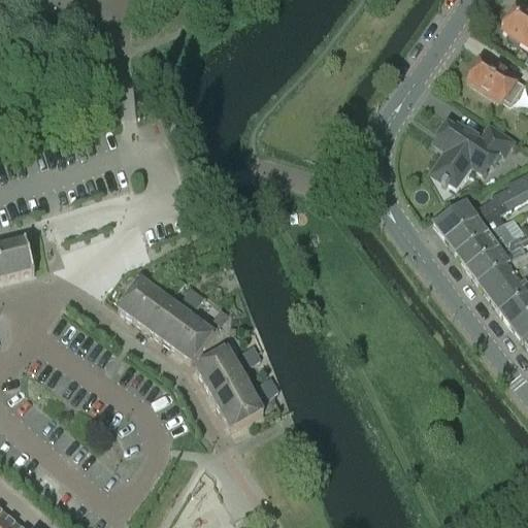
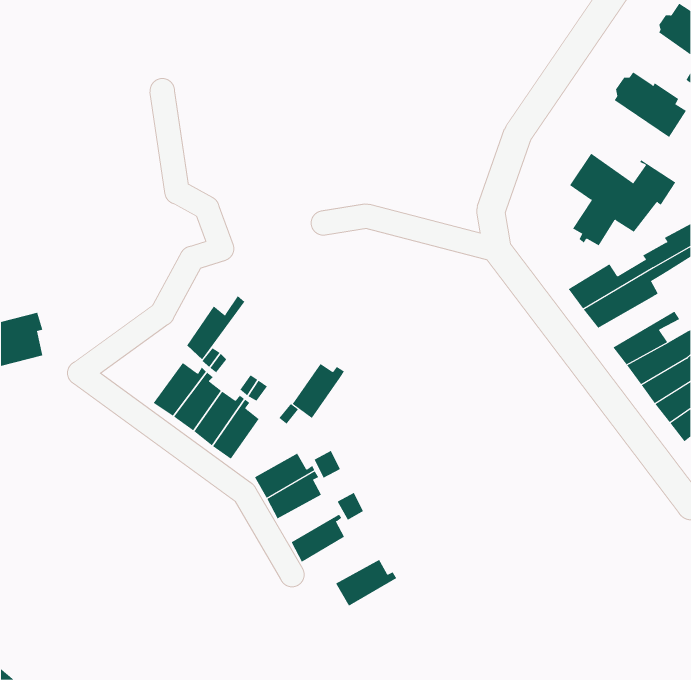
building: [456,223,515,265] -> none
building: none -> [186,295,245,360]
building: [176,320,217,362] -> [292,363,345,419]
building: [211,377,259,414] -> [335,559,397,607]

